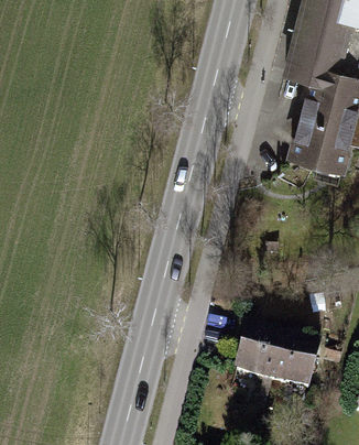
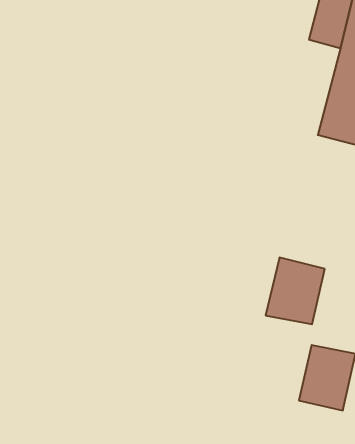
building: [238,326,290,384] -> [266,258,325,324]

